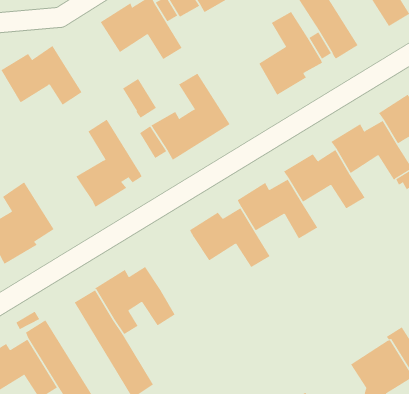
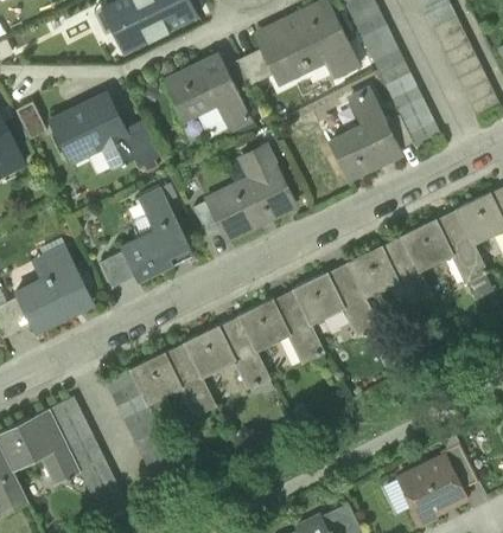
building: [122,78,157,118] -> [123,120,159,163]
building: none -> [98,250,135,287]
building: none -> [183,323,268,388]

